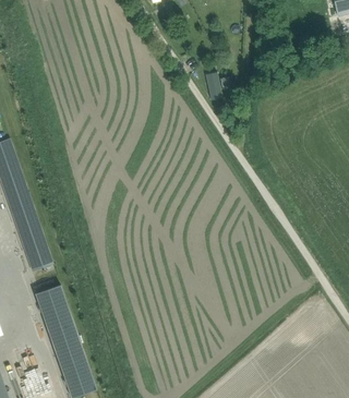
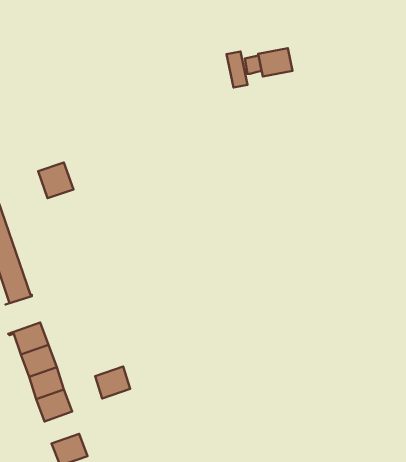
building: none -> [258,48,293,76]
building: none -> [38,163,73,198]
building: [61,355,88,381] -> [95,367,130,399]

